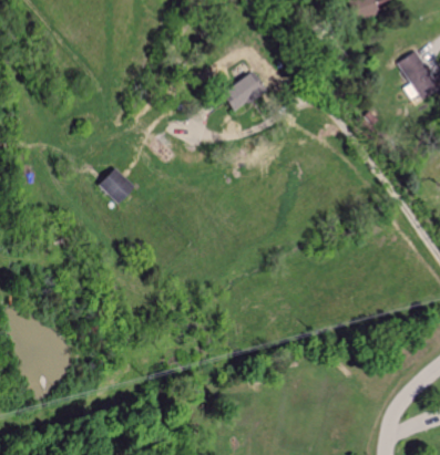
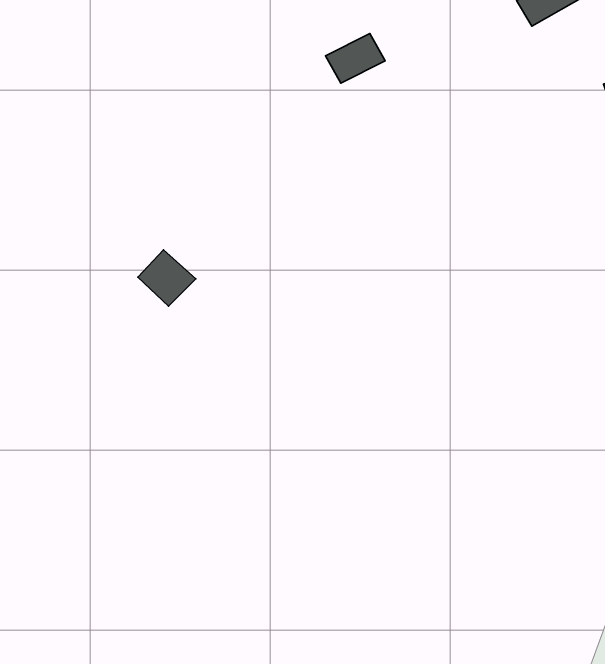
building: [222,75,260,107] -> [326,34,385,83]

